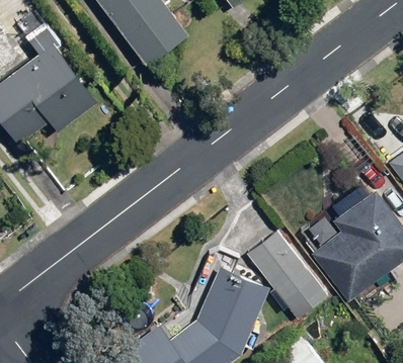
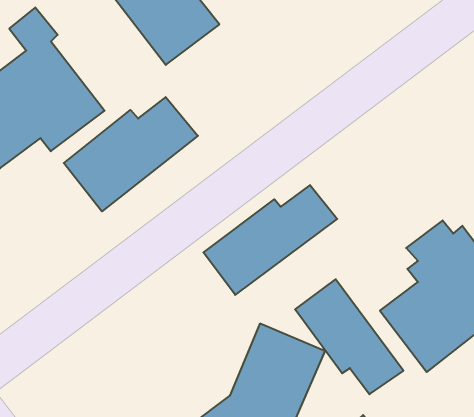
building: none -> [64,97,198,211]
building: none -> [203,185,337,295]

